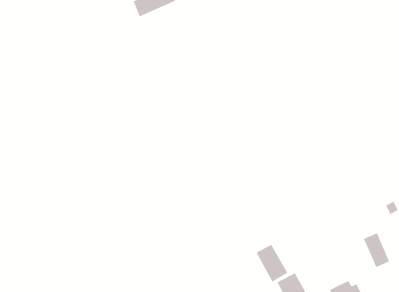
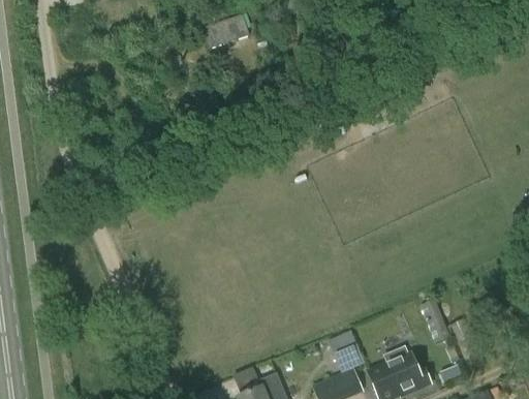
building: [256,244,288,282] -> none

